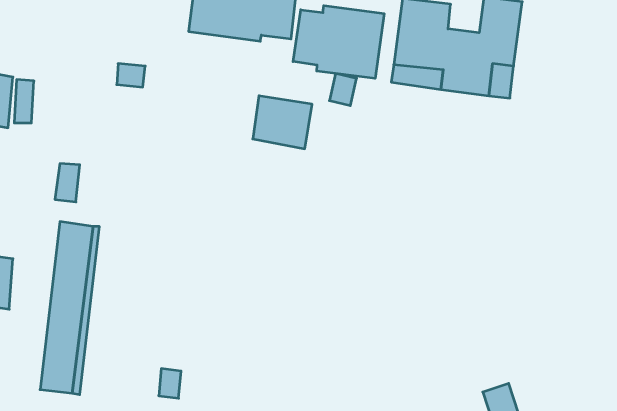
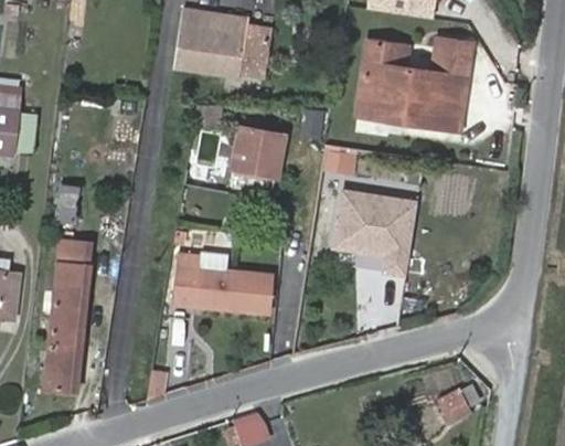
building: [293,6,384,78] -> none
building: none -> [331,189,417,278]
building: none -> [174,252,271,311]

